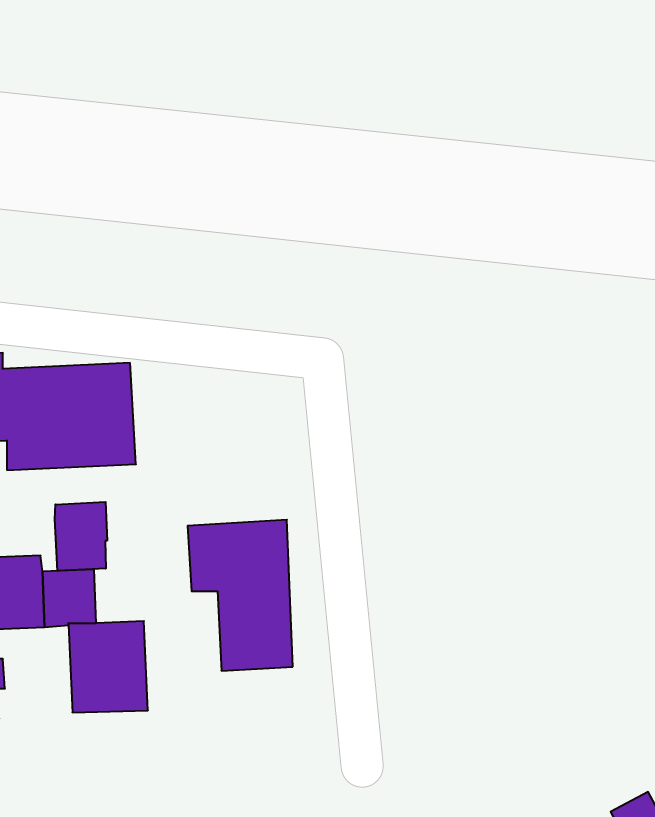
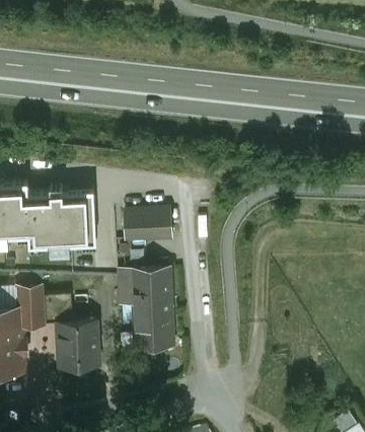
building: none -> [125,211,171,242]
building: [55,502,107,571] -> none

